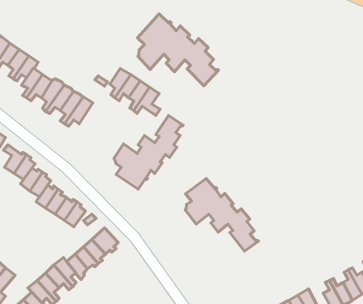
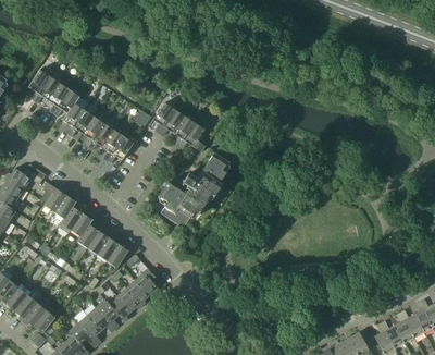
building: [138,14,219,86] -> none
building: [185,178,258,251] -> none

